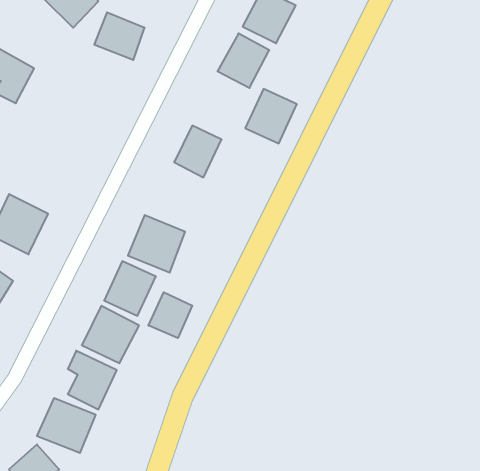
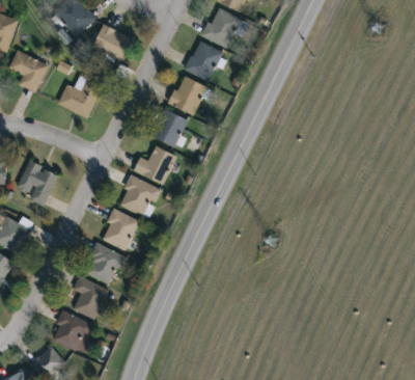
building: none -> [57,75,102,116]
building: [245,89,297,143] -> [168,74,206,114]
building: none -> [133,145,175,183]
building: [148,292,192,338] -> none

